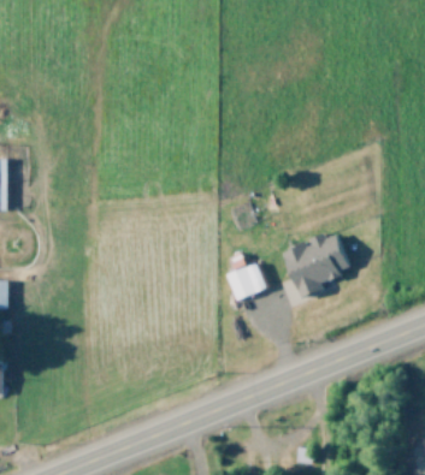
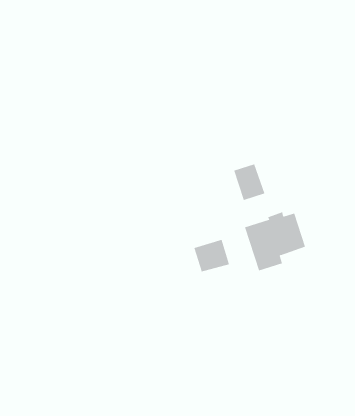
building: none -> [233,164,265,201]

